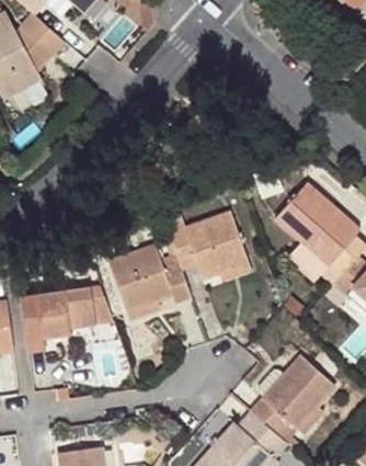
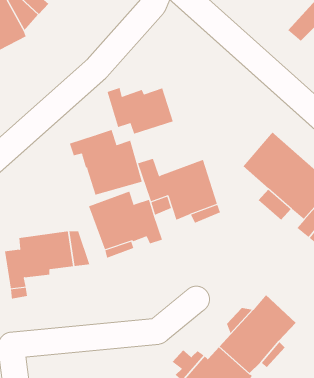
building: none -> [107,87,173,135]
building: none -> [69,129,142,196]

